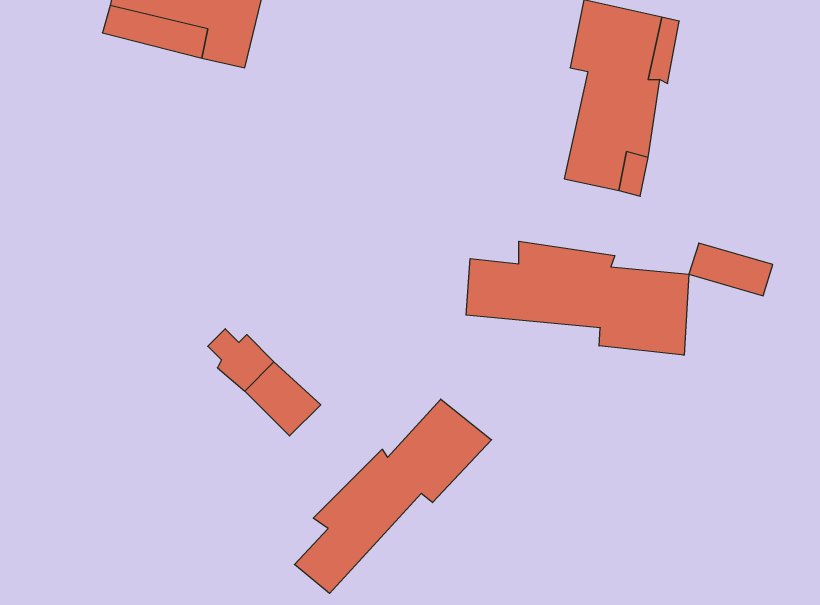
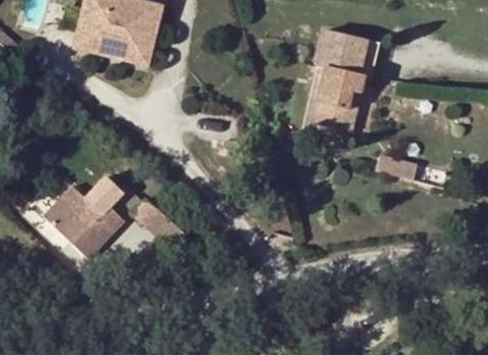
building: [466,241,689,355] -> none
building: none -> [44,179,124,259]
building: [294,399,492,593] -> none

